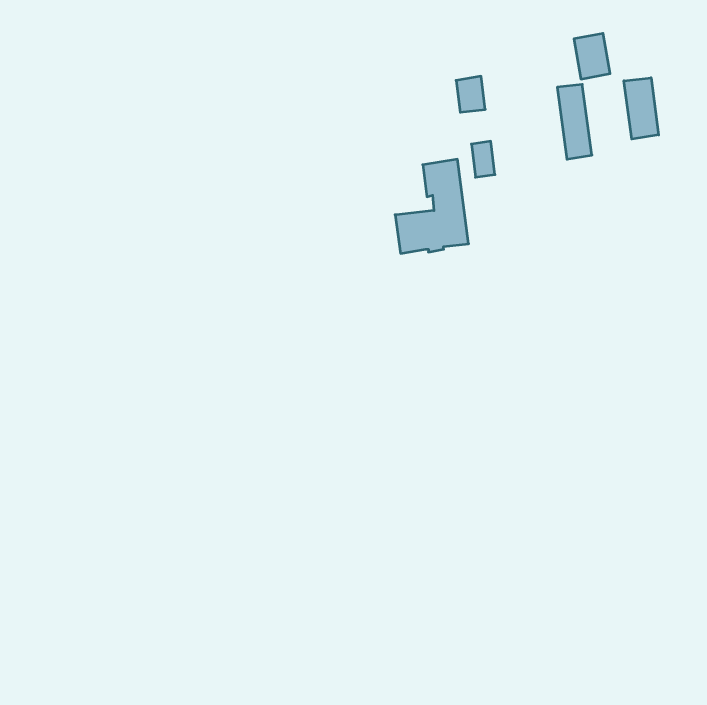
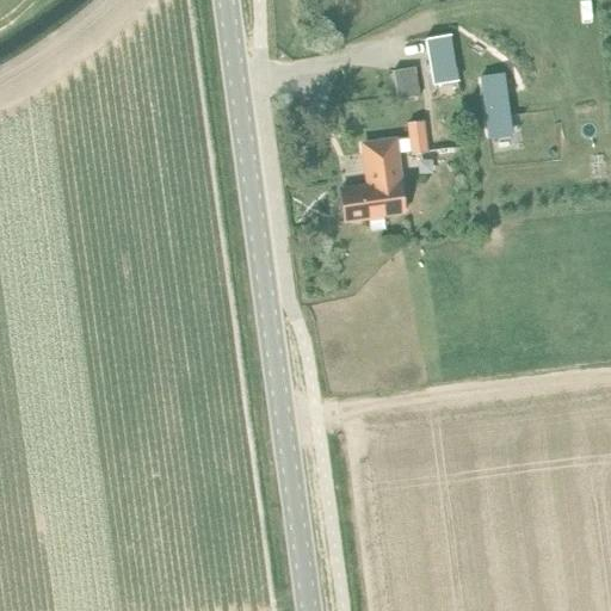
building: [574,33,610,79] -> [425,33,456,73]
building: [624,78,659,139] -> none

